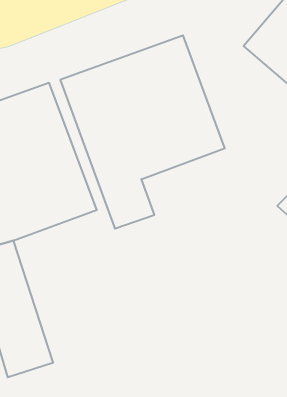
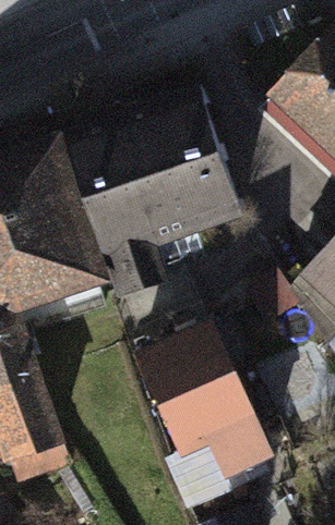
building: none -> [141,334,265,477]

